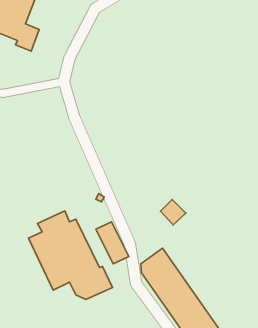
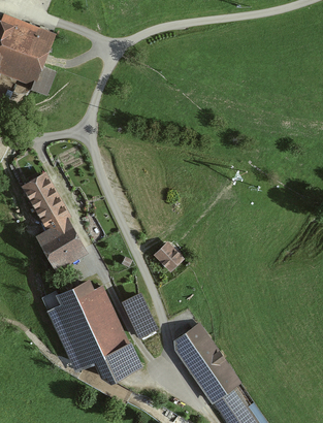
building: none -> [25,175,88,269]
building: [160,199,186,225] -> [154,242,183,271]

